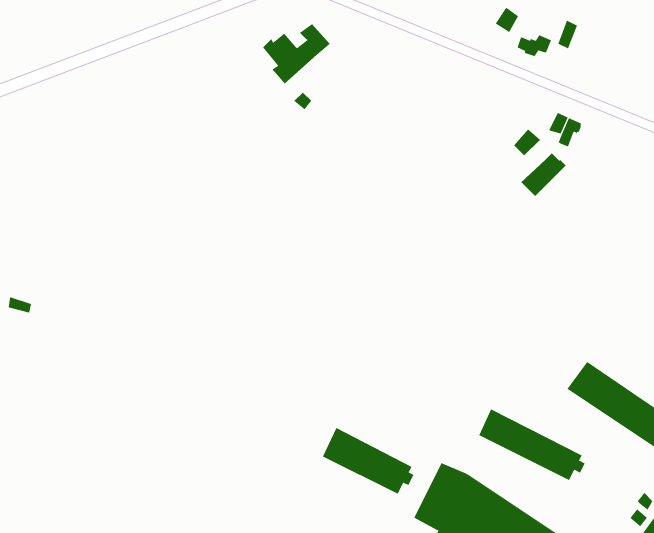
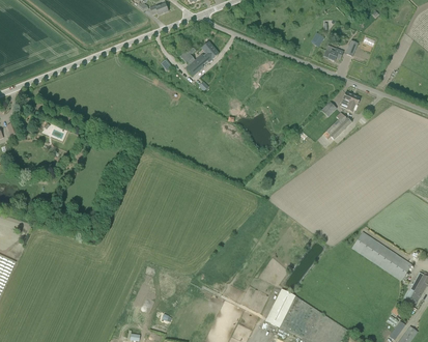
building: [479,408,586,481] -> none
building: [322,427,414,495] -> none

